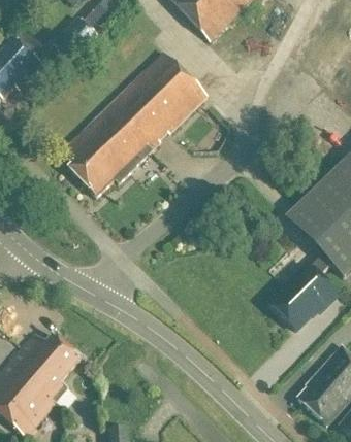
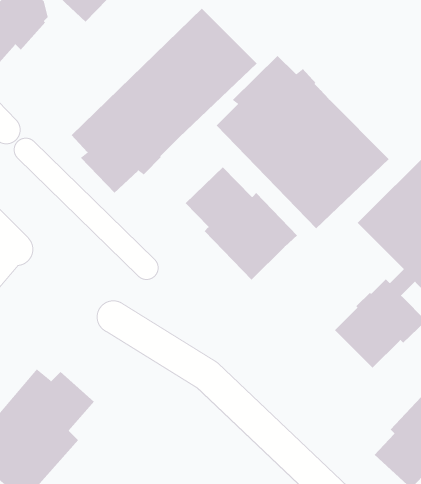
building: none -> [216,55,390,229]
building: none -> [185,167,298,281]

